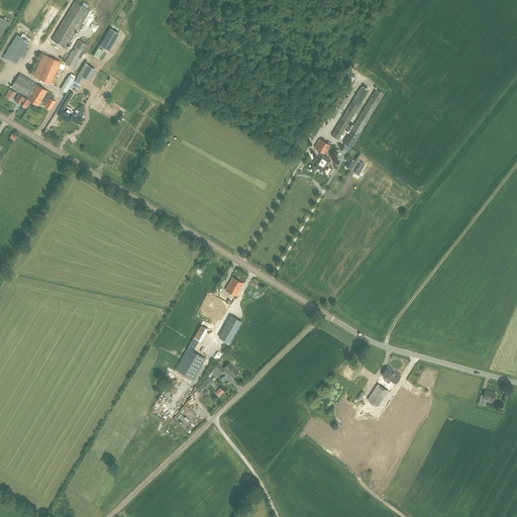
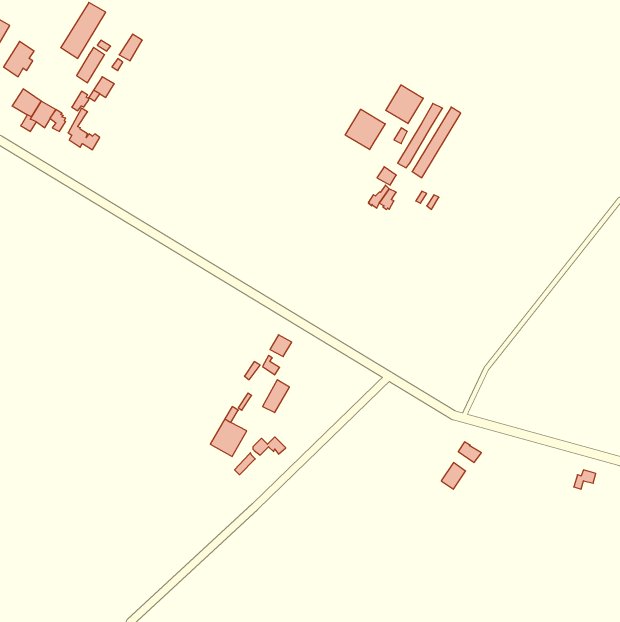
building: [32,56,65,87] -> none
building: none -> [386,85,423,124]
building: none -> [345,109,385,150]

